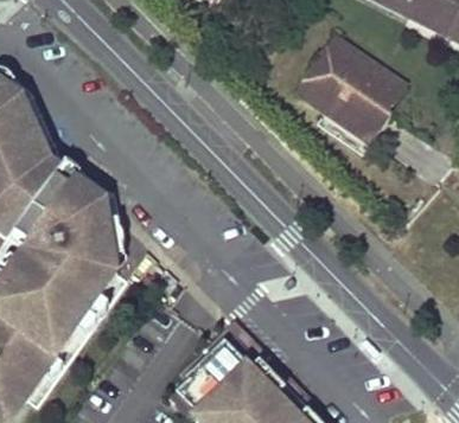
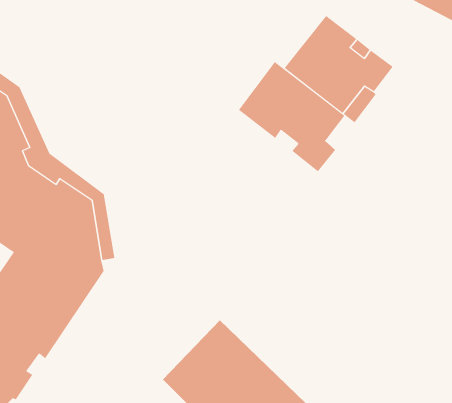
building: none -> [238,61,345,172]

